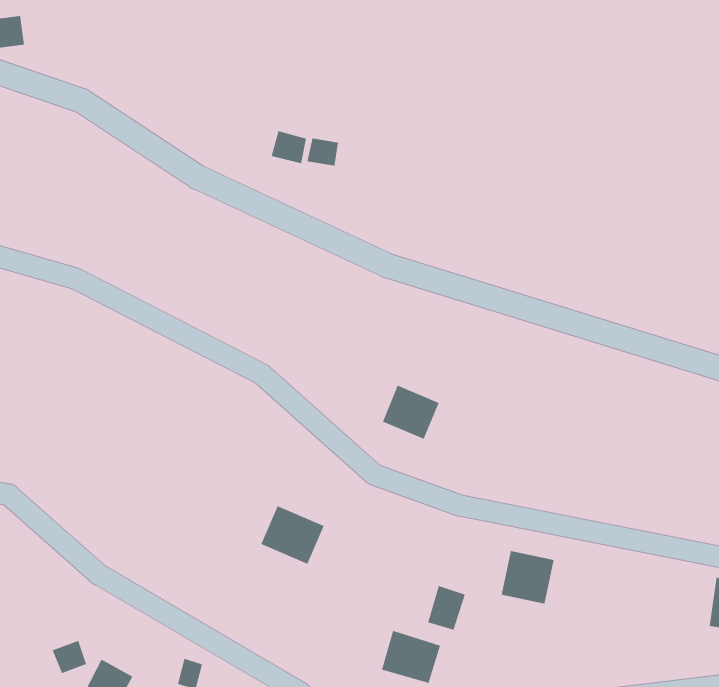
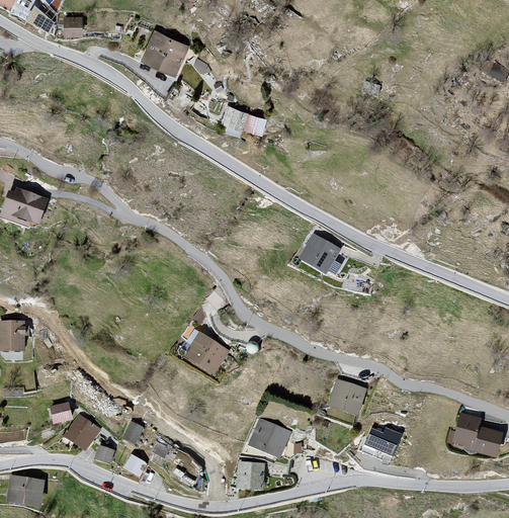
building: none -> [144,31,186,73]
building: [382,385,439,440] -> [302,234,338,269]
building: [427,585,466,631] -> none
building: none -> [362,427,401,457]

